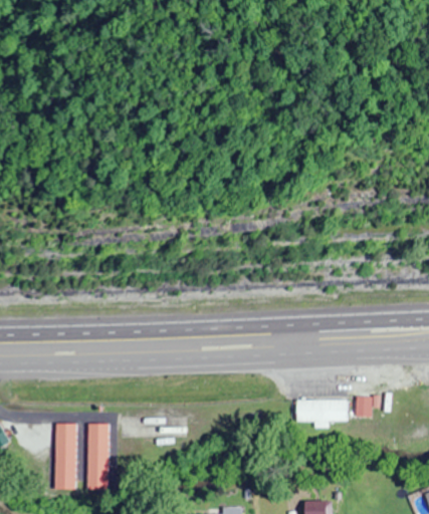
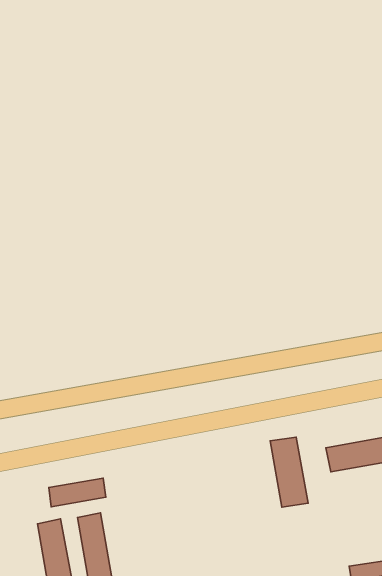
building: none -> [270,437,308,507]
building: none -> [49,478,106,507]

